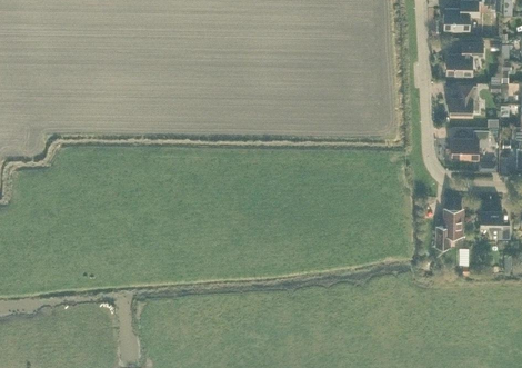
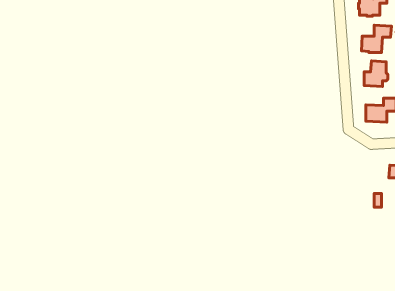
building: [436,211,462,248] -> none

